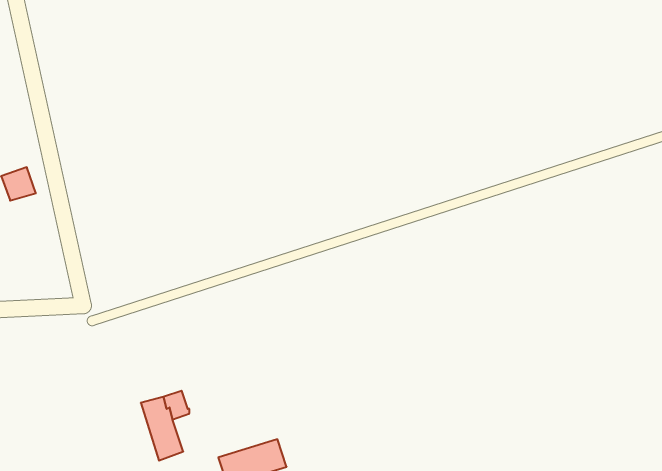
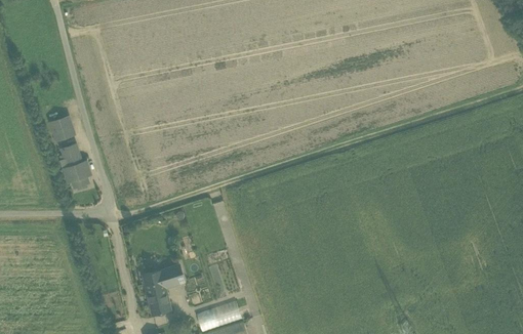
building: none -> [61,144,89,187]

